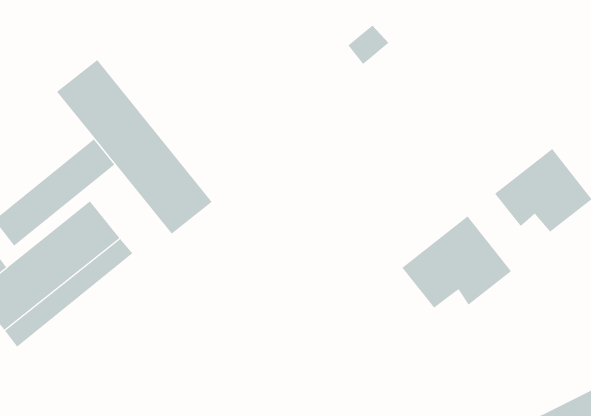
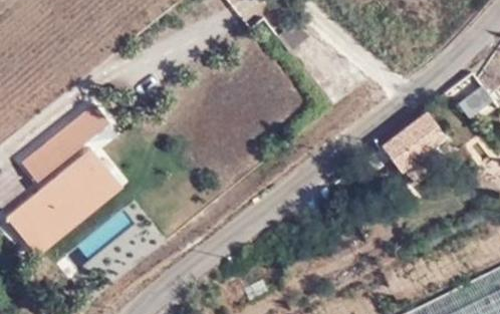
building: [56,59,213,234] -> none
building: [401,215,512,308] -> none

